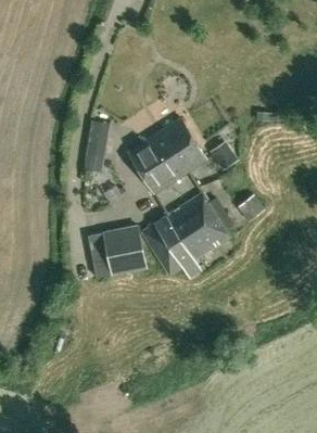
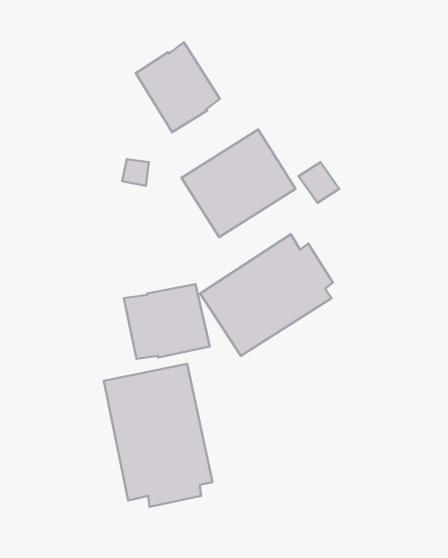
building: none -> [136,42,220,132]
building: none -> [104,364,212,507]

